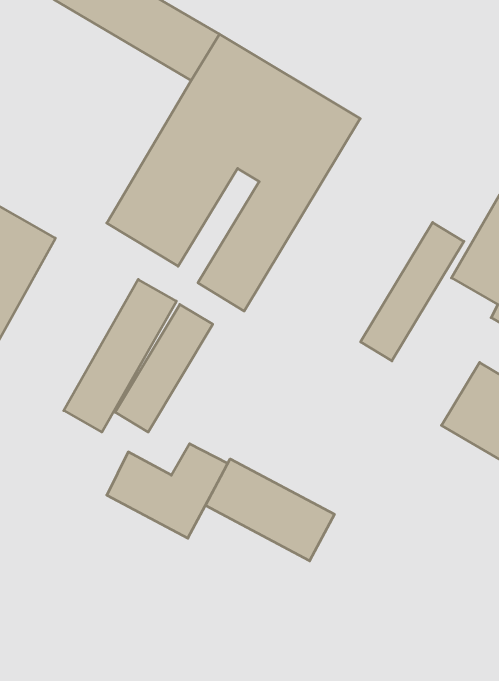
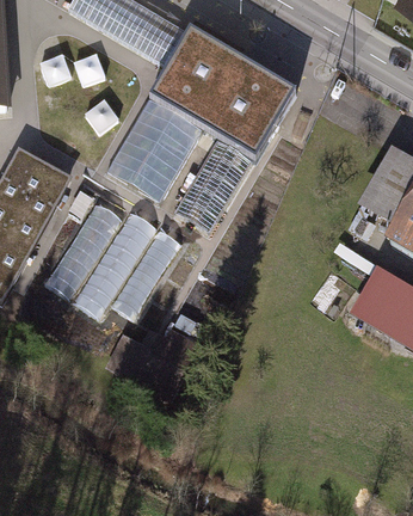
building: [361,222,464,361] -> none
building: none -> [54,201,118,300]
building: [205,459,334,561] -> none

